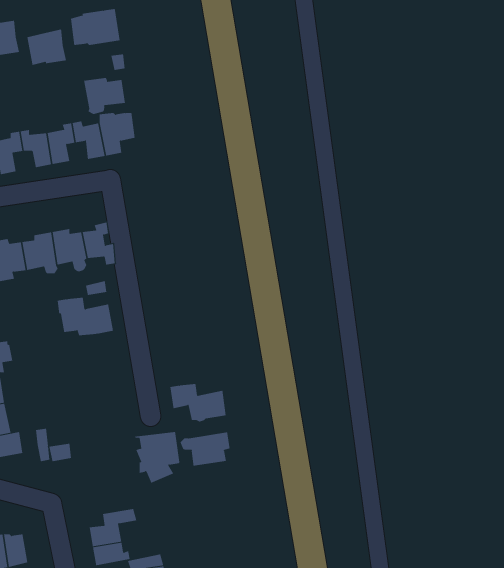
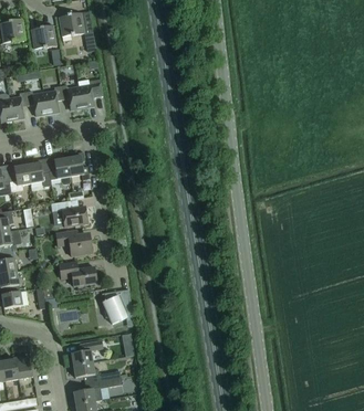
building: [84,77,125,115] -> none
building: none -> [55,230,92,256]
building: [169,384,226,422] -> [59,262,96,287]
building: [180,431,230,466] -> none

